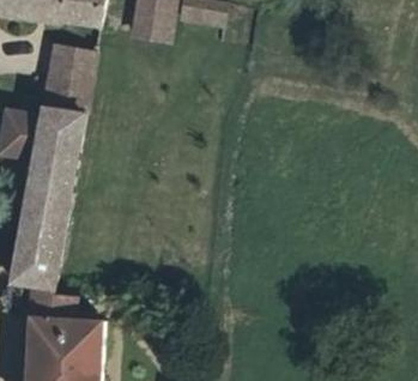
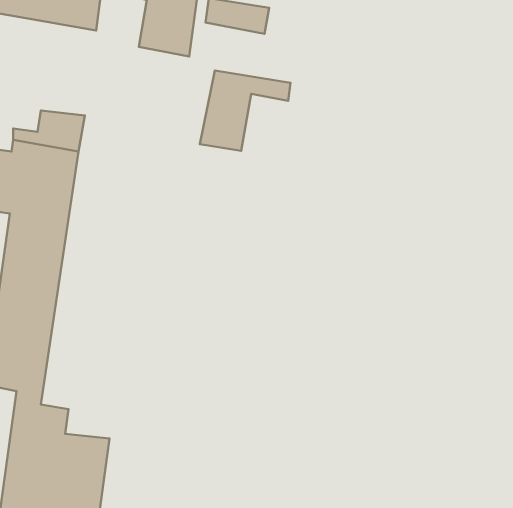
building: [55,46,92,86] -> none
building: none -> [200,70,291,151]

